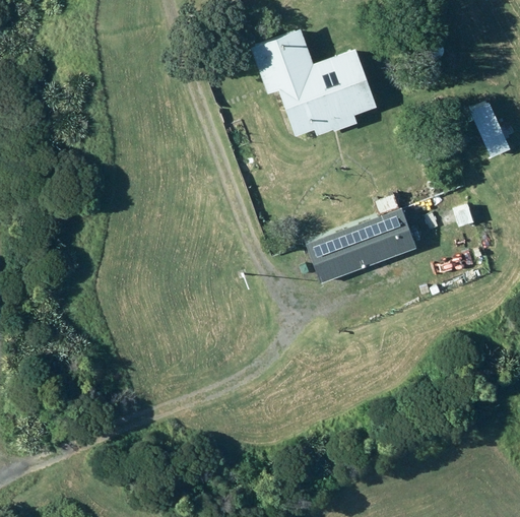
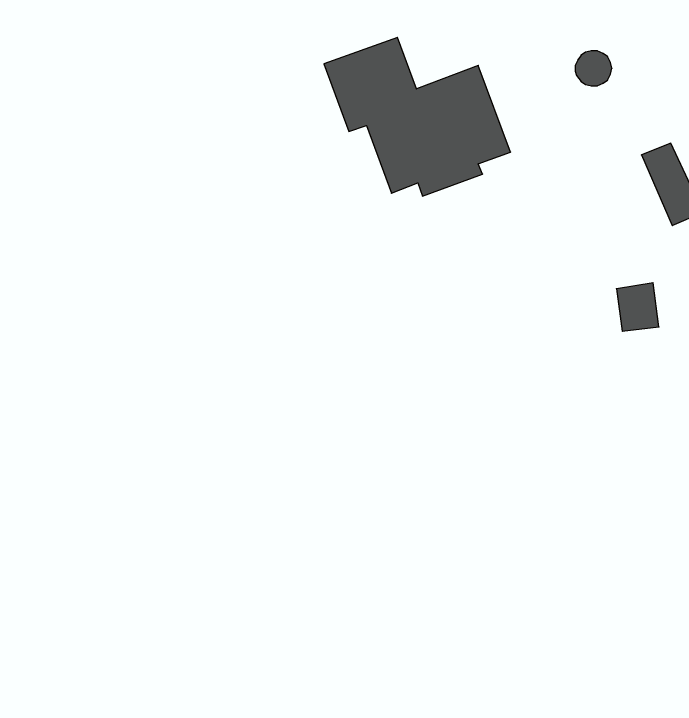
building: [307,207,417,282] -> none

